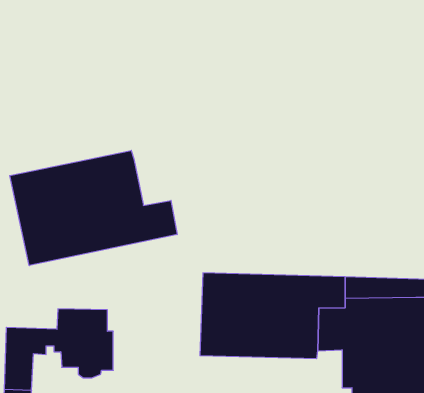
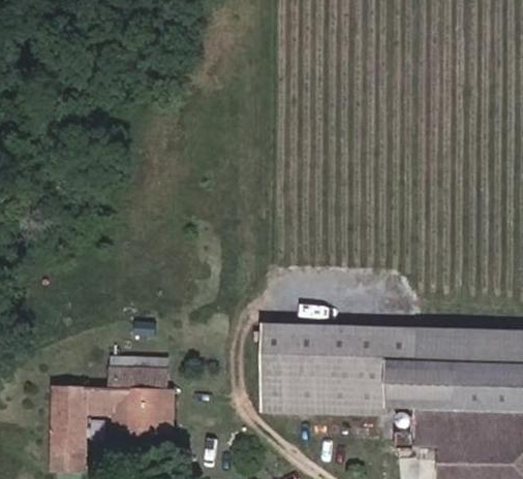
building: [10,150,177,266] -> none

